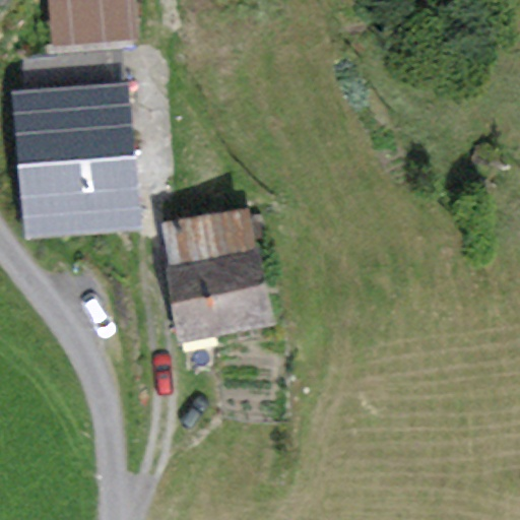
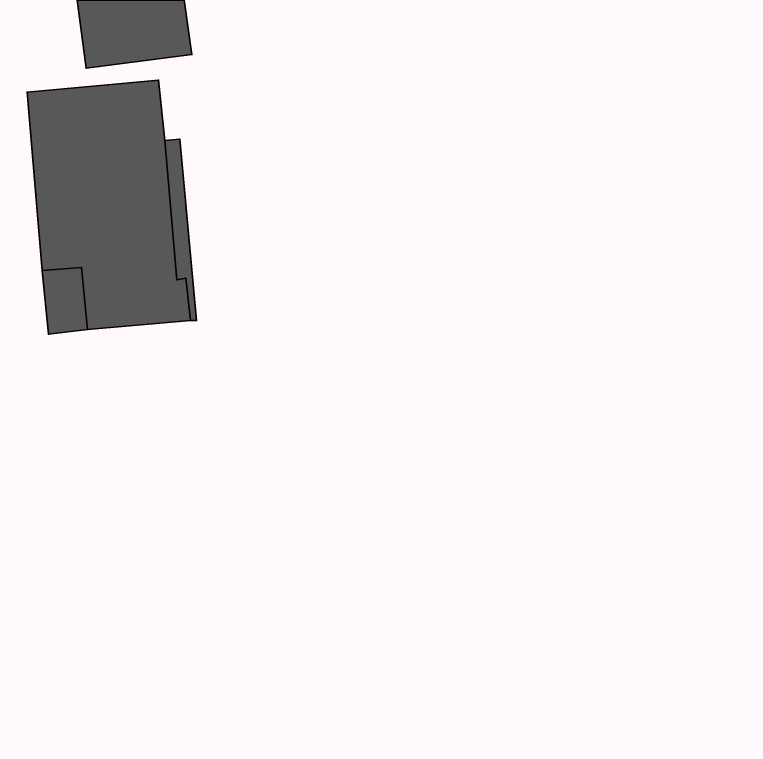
building: [167,225,251,337] -> none

